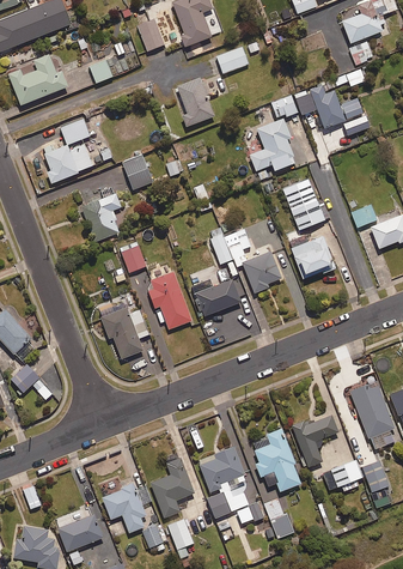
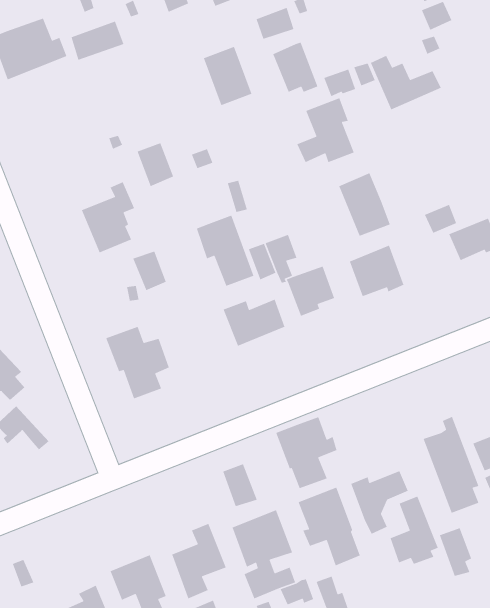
building: none -> [272,41,318,93]
building: [41,119,92,183] -> none
building: [145,272,191,329] -> [196,214,255,287]
building: none -> [275,416,337,489]
building: none -> [222,463,258,507]

